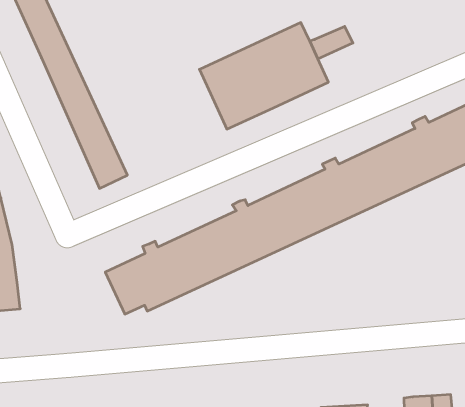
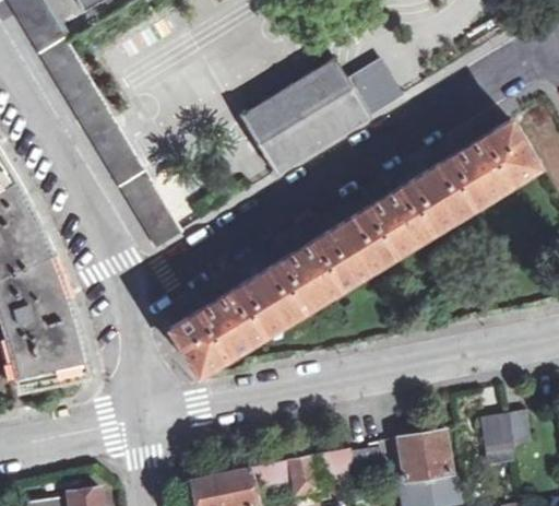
building: none -> [356,77,402,118]

